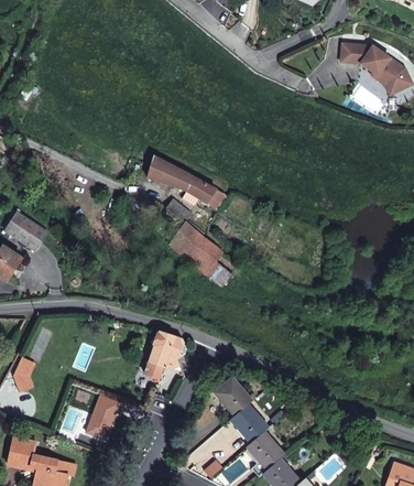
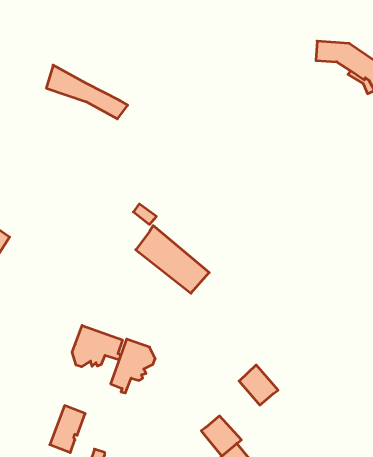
building: [145,154,224,206] -> [46,65,128,119]
building: none -> [72,325,122,367]
building: [215,376,252,414] -> [239,365,278,405]

